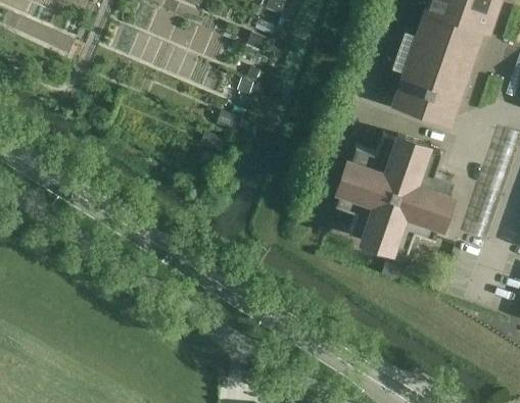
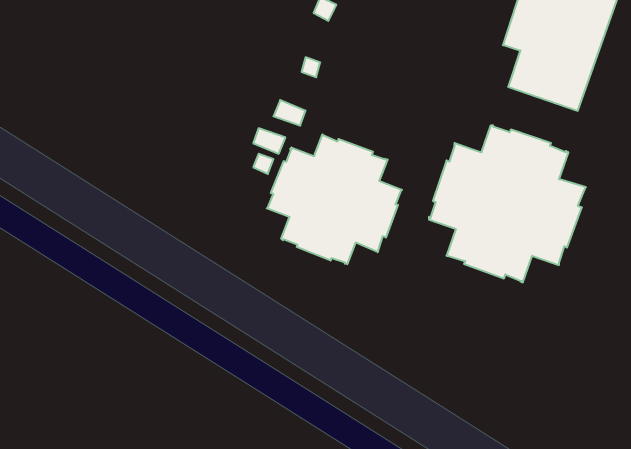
building: none -> [267,134,402,264]

